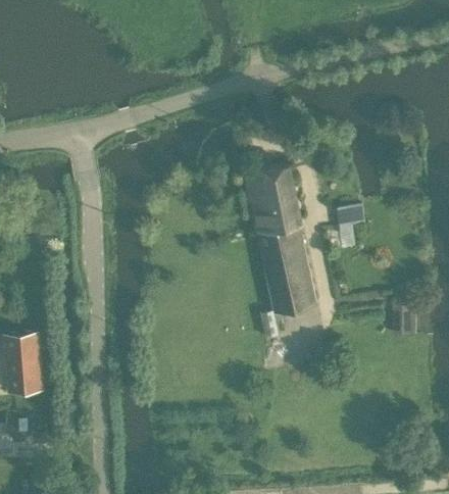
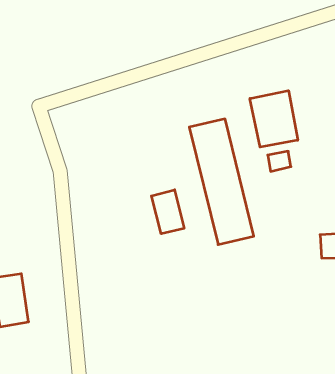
building: none -> [250,91,298,147]
building: none -> [151,190,184,234]

